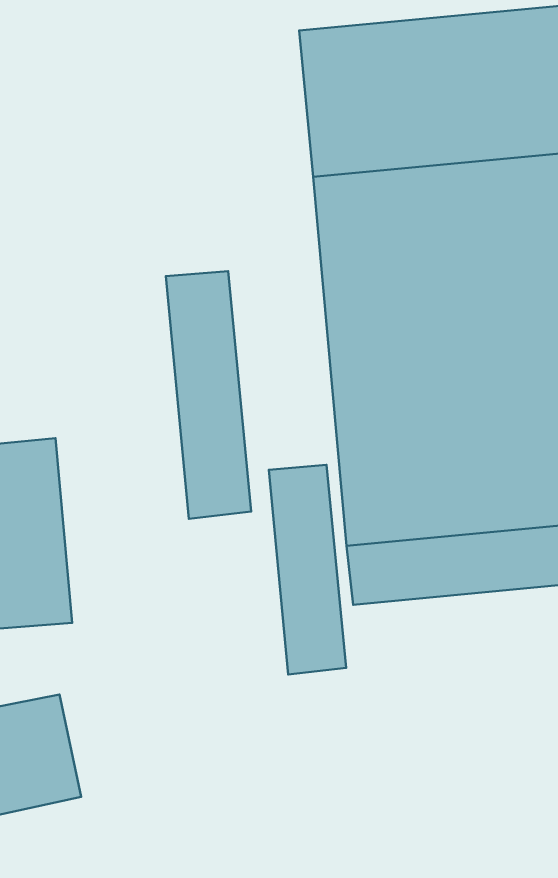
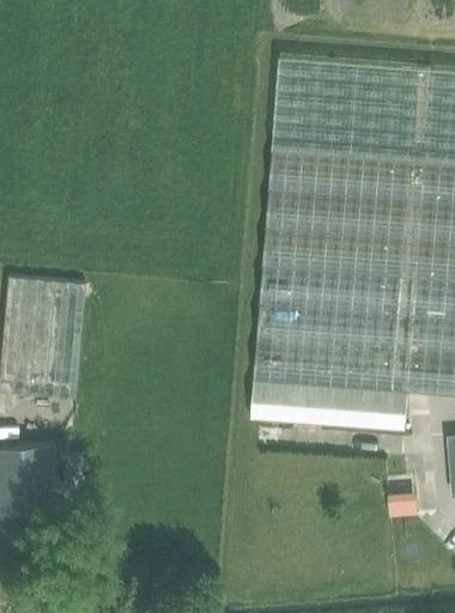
building: [166,271,251,519] -> none
building: [269,465,346,674] -> none

